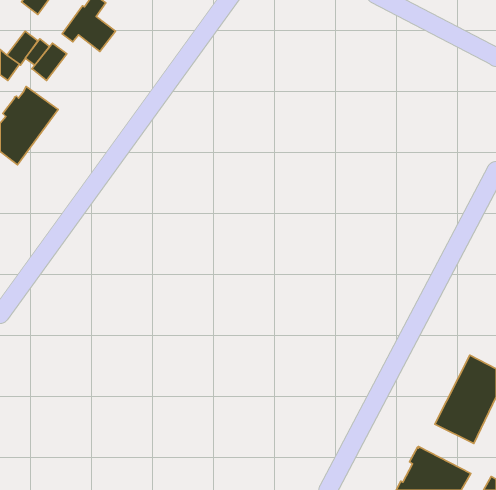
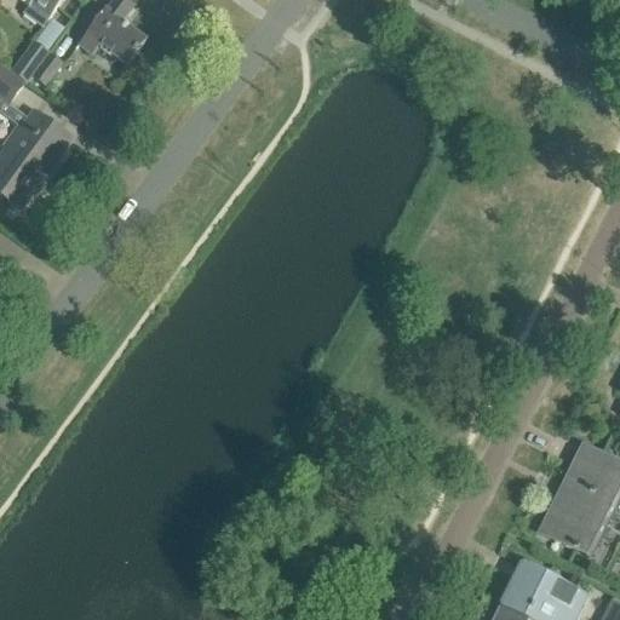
building: [32,43,67,81] -> none

